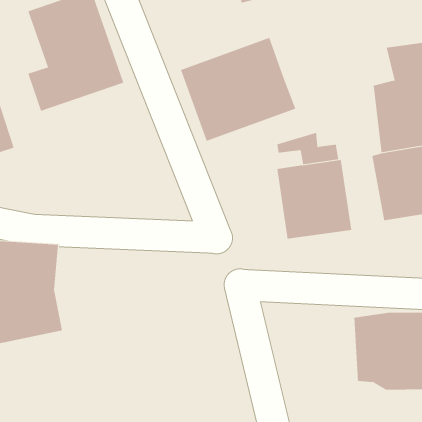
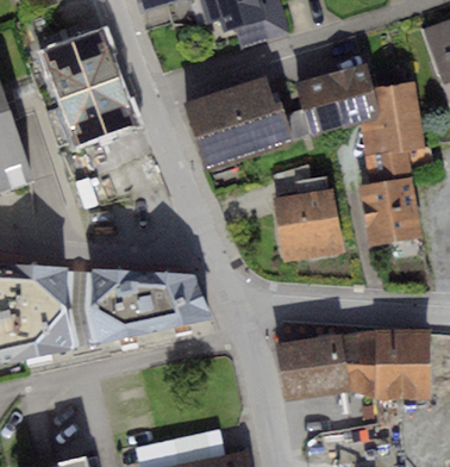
building: none -> [280,63,380,143]
building: none -> [82,266,212,343]
building: none -> [276,334,346,398]

